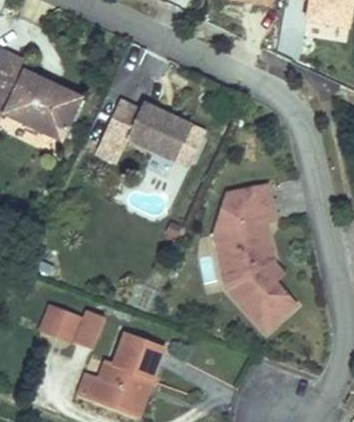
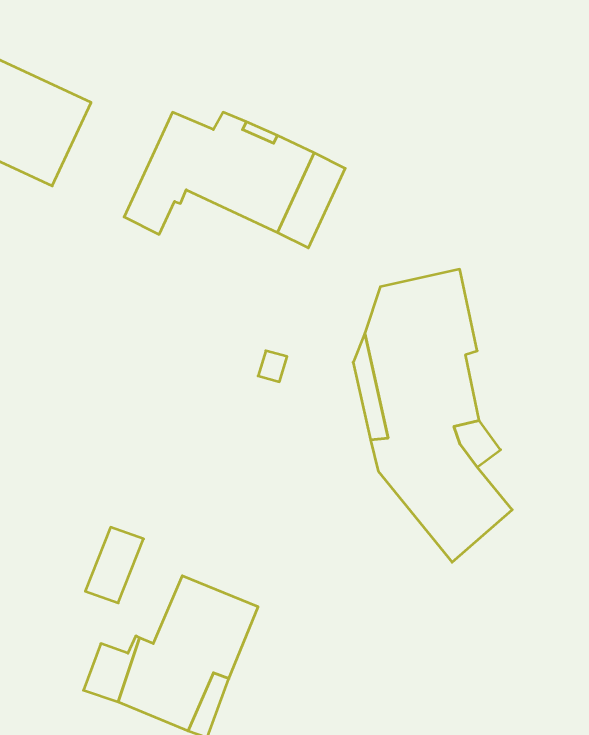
building: [38,307,83,346] -> none

